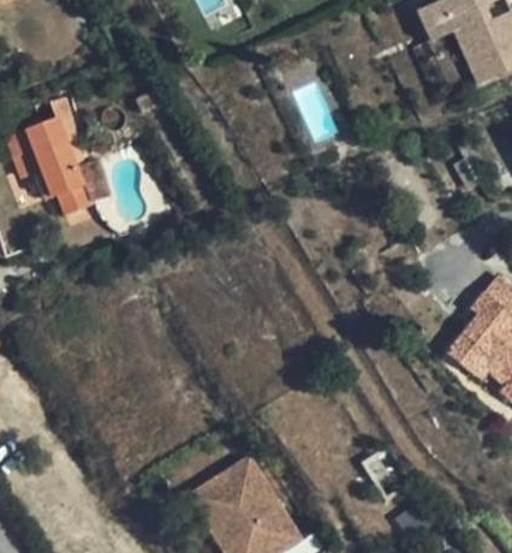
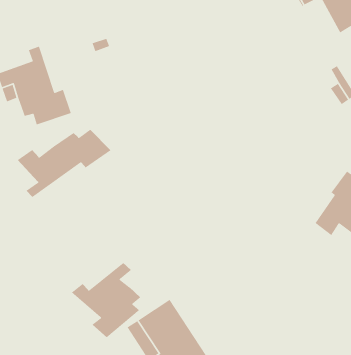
building: none -> [17,129,111,198]
building: none -> [71,262,141,338]

